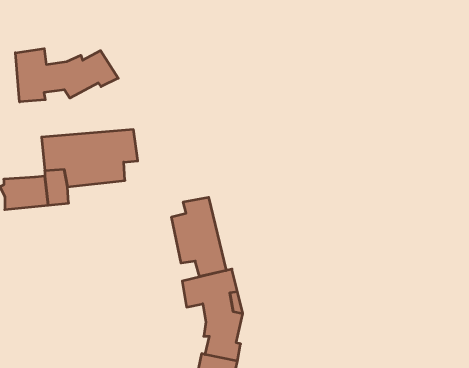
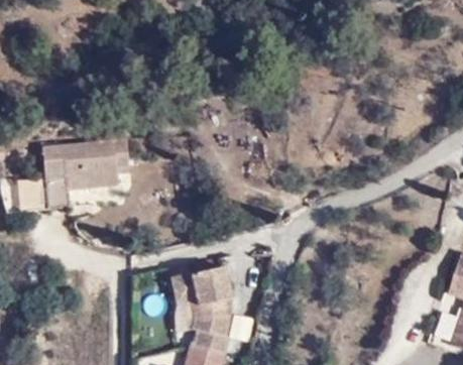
building: [15,49,118,102] -> none
building: [172,197,226,277] -> none

